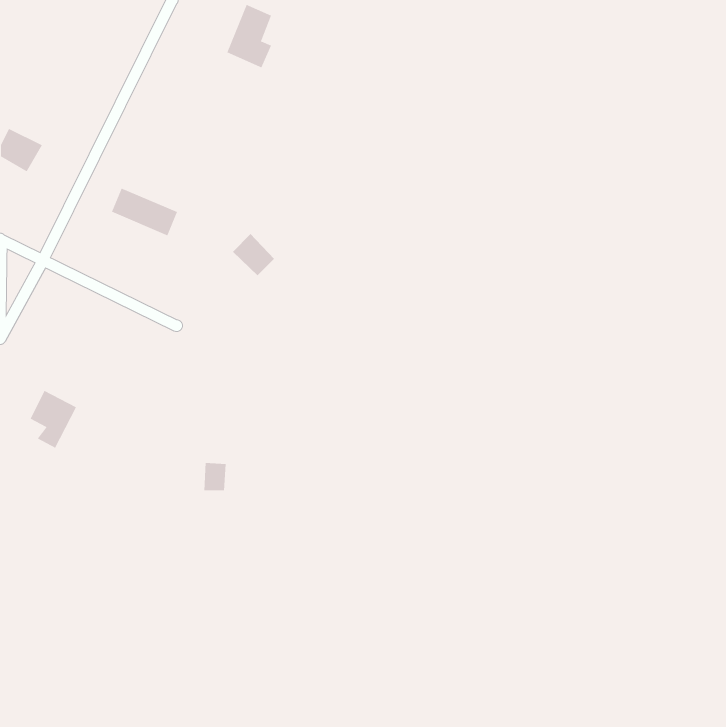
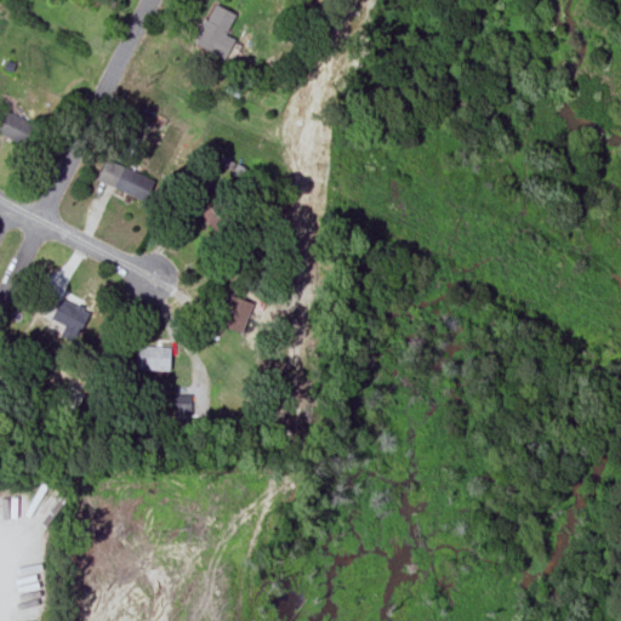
building: none -> [220,295,252,332]
building: [30,390,77,449] -> [53,294,93,343]
building: none -> [135,346,170,369]

